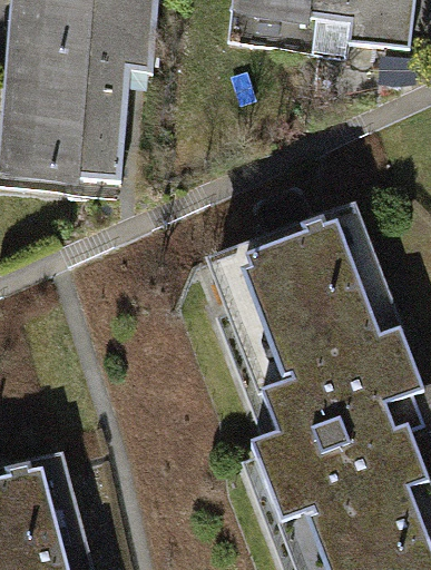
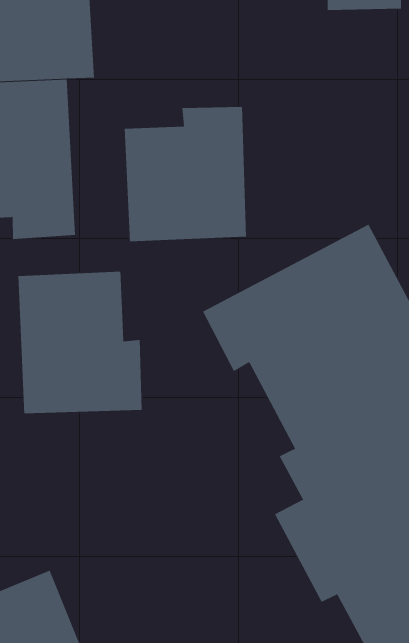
building: none -> [124,106,247,242]
building: none -> [18,271,142,414]

